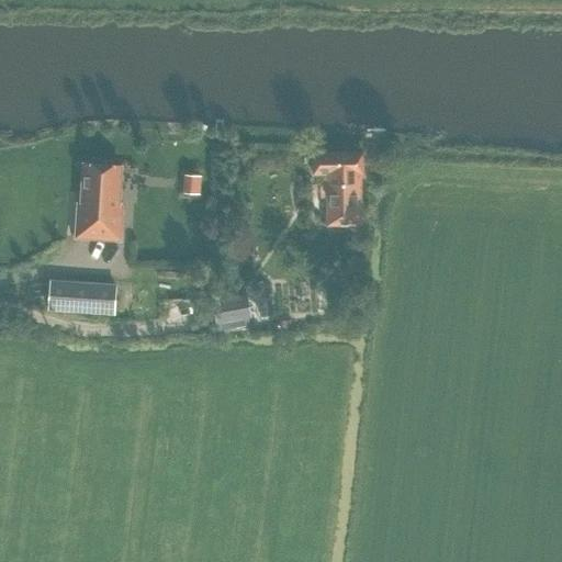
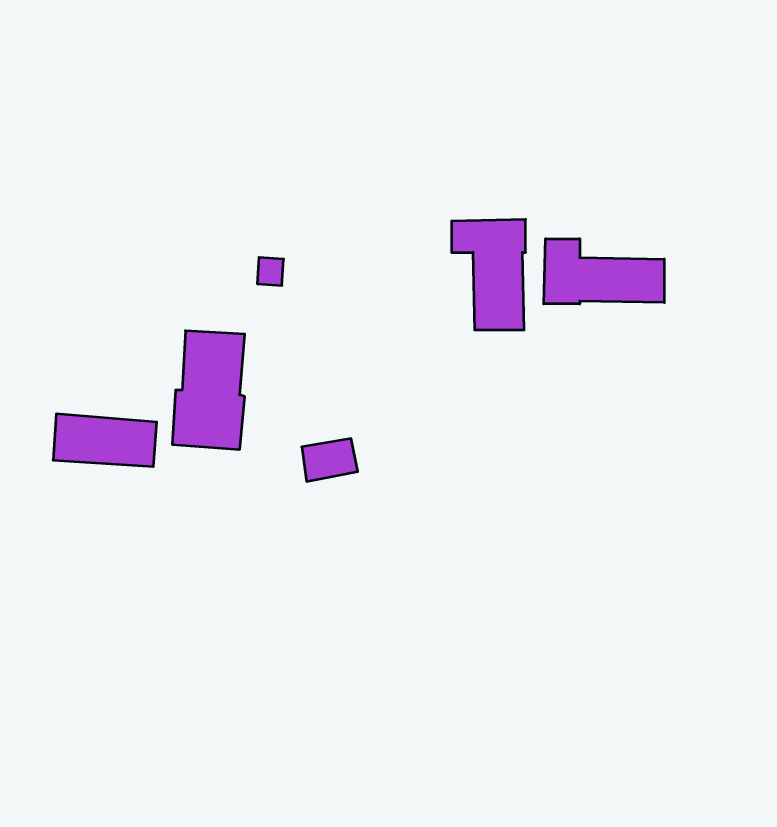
building: [74,162,122,241] -> [172,331,245,449]
building: none -> [544,239,664,304]

